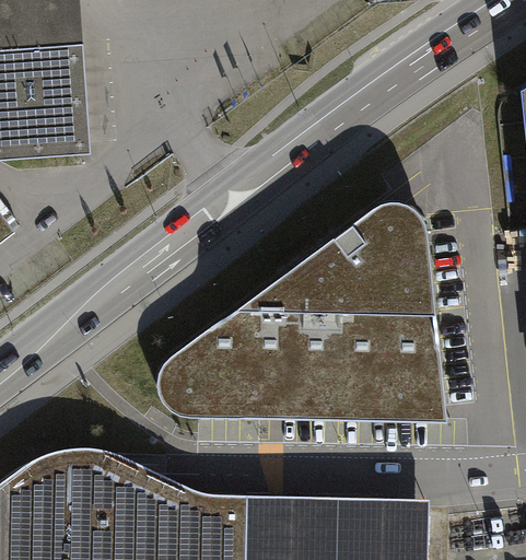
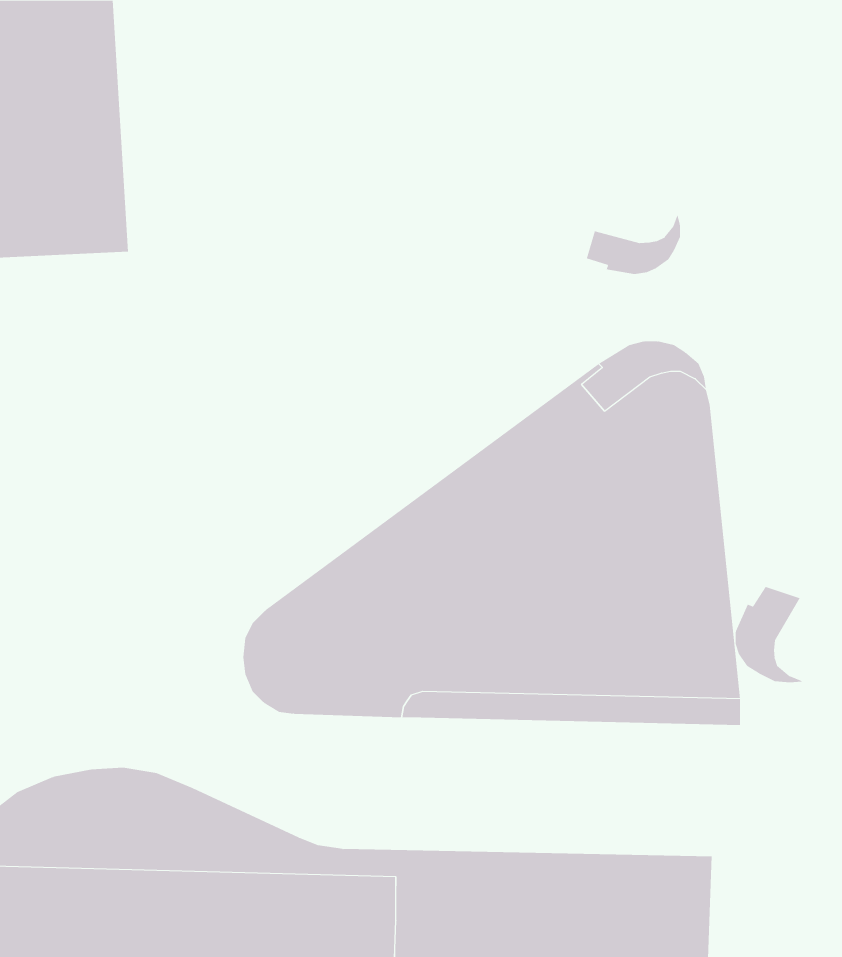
building: none -> [586,214,681,275]
building: none -> [735,586,805,683]

